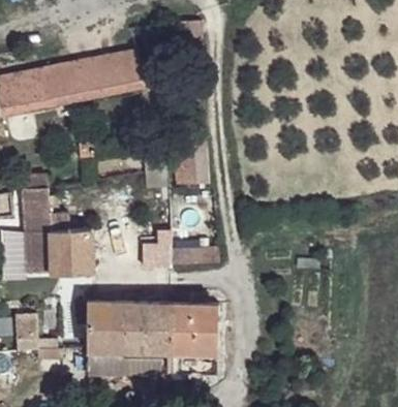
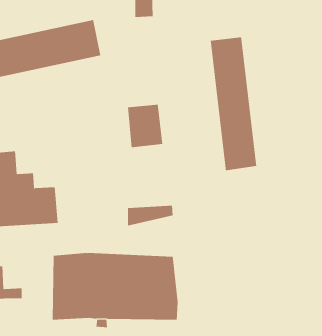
building: none -> [210,36,257,171]
building: [141,231,169,272] -> none

